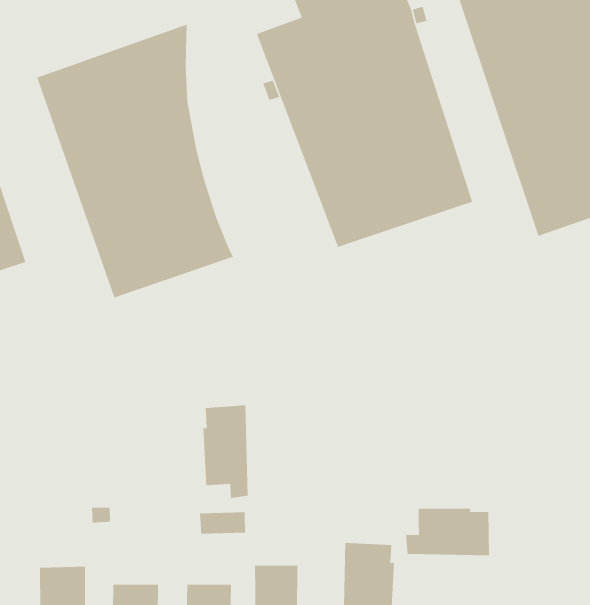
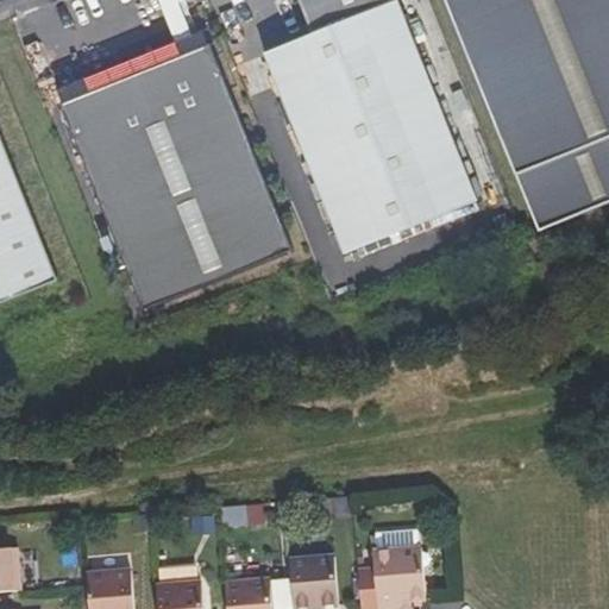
building: none -> [196,43,290,265]
building: [203,405,249,499] -> none
building: [405,508,490,556] -> none

